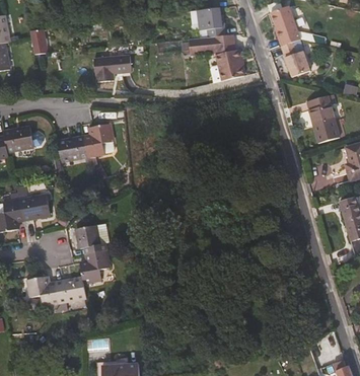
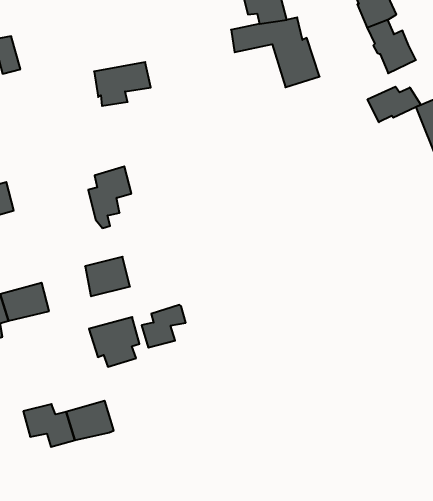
building: none -> [368,87,421,122]
building: [59,136,87,160] -> [85,257,130,296]
building: [79,250,109,277] -> [142,305,186,348]

